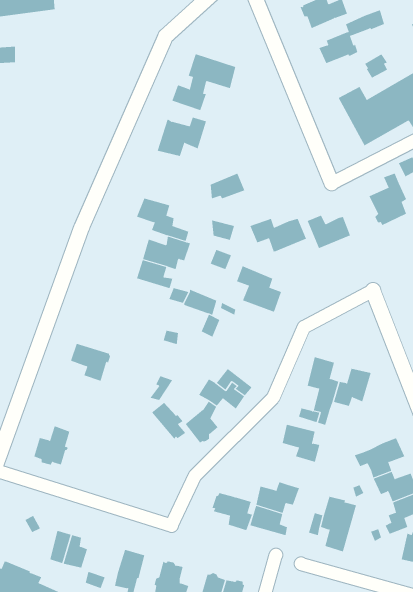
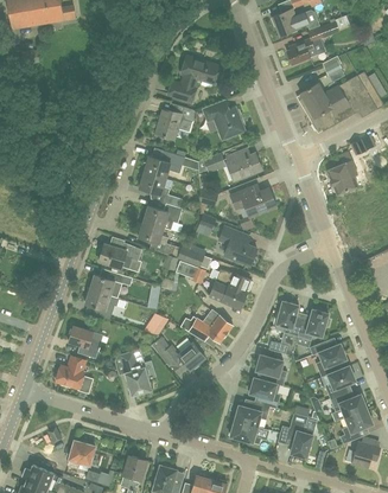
building: none -> [201,98,246,141]
building: none -> [144,152,184,178]
building: [307,215,351,249] -> [224,153,260,180]
building: none -> [97,243,140,269]
building: none -> [208,269,249,308]
building: none -> [89,271,123,297]
building: none -> [68,326,100,359]
building: none -> [309,341,345,377]
building: none -> [113,351,152,395]
building: [212,492,256,531] -> [247,377,282,408]

